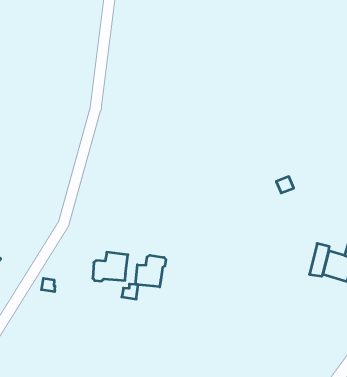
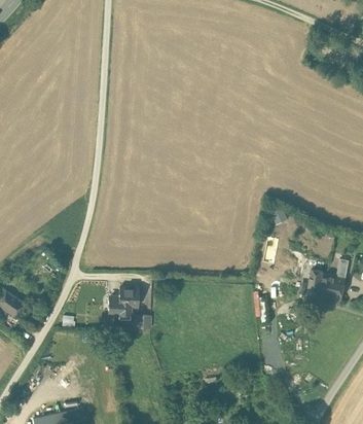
building: [135,255,166,287] -> none

